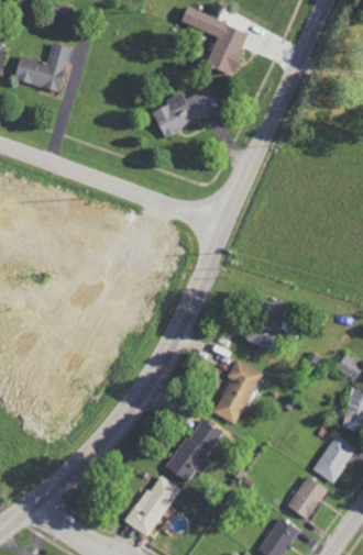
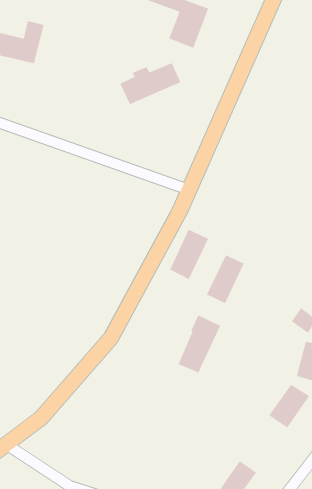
building: none -> [169,229,209,280]
building: [166,419,222,482] -> none
building: [125,474,180,537] -> none
building: [286,477,327,520] -> none

